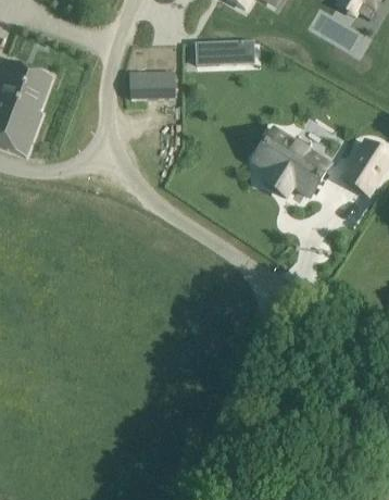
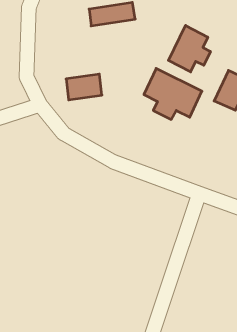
building: [131,70,175,98] -> [66,74,102,100]
building: none -> [168,25,210,72]

